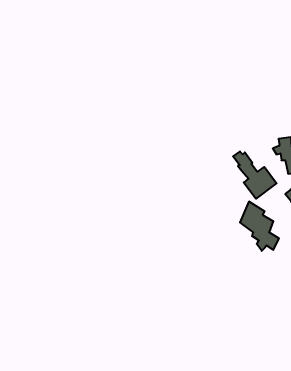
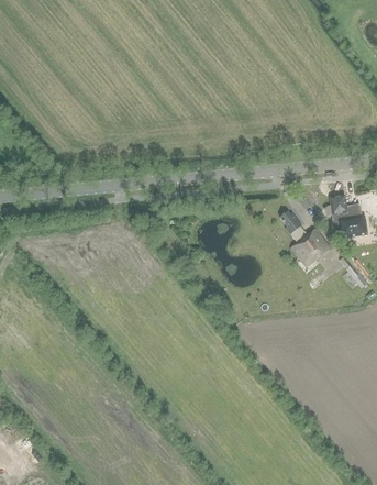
building: [240,201,279,251] -> none

